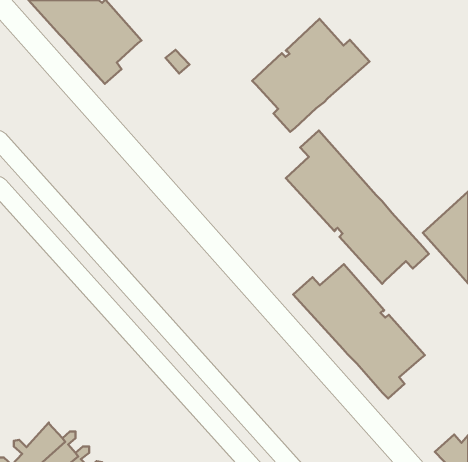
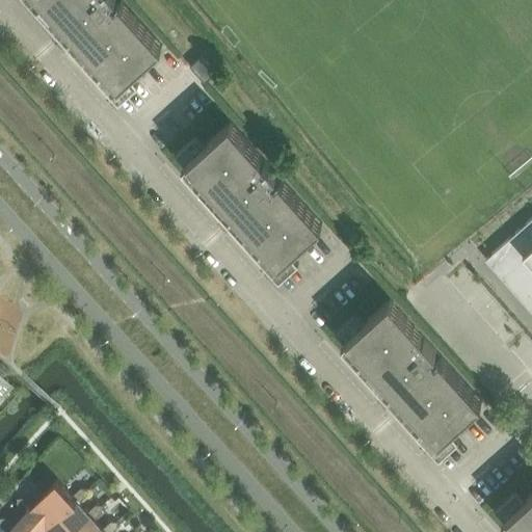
building: [252,19,369,132] -> none
building: none -> [172,130,320,283]
building: [286,130,429,284] -> none

